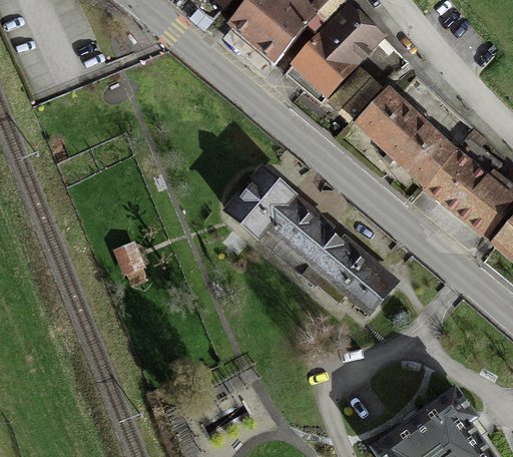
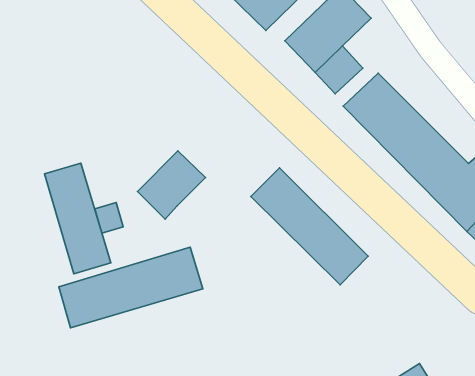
building: [228,170,297,241] -> [137,151,206,219]
building: none -> [44,163,111,274]
building: none -> [59,247,203,328]

